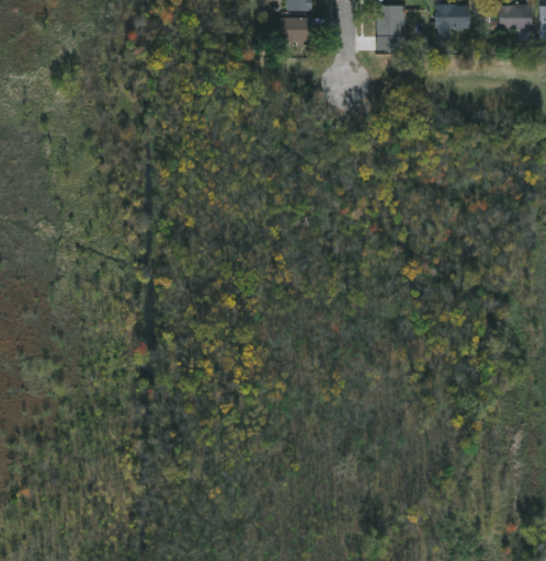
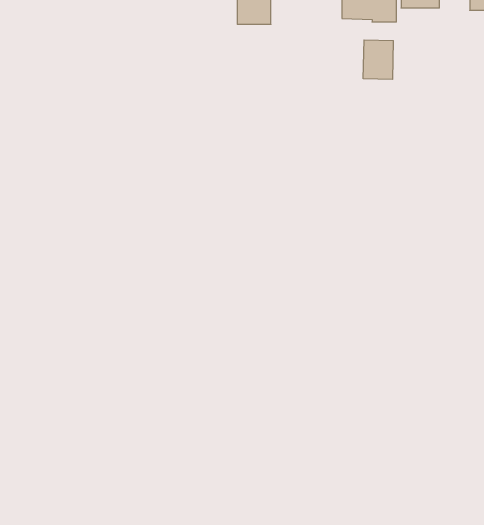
building: none -> [363,40,393,79]

